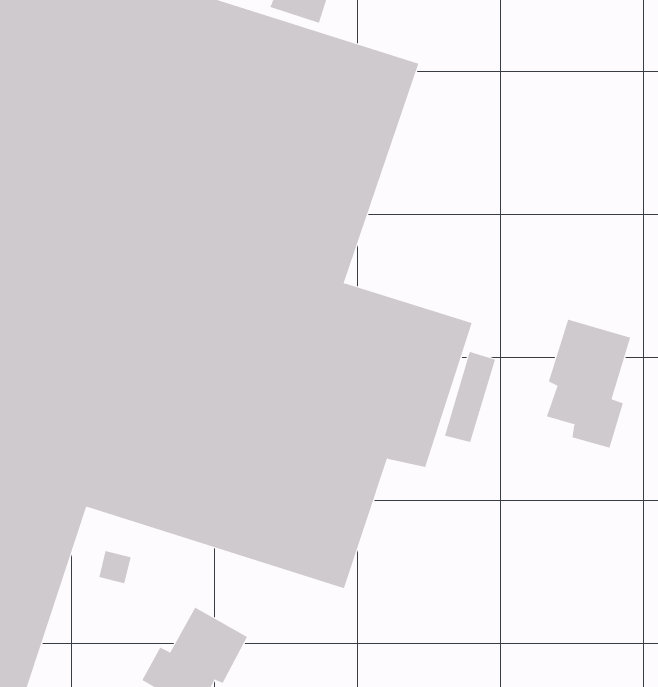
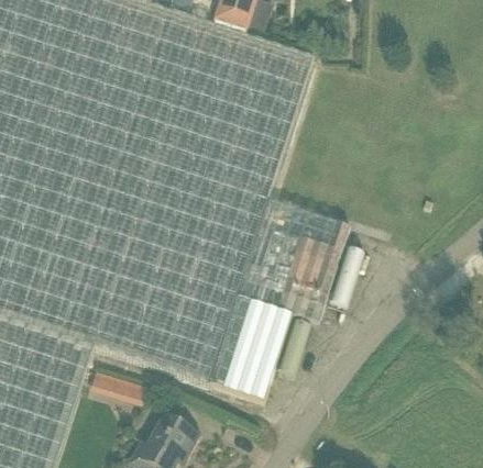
building: [546,319,631,448] -> none

